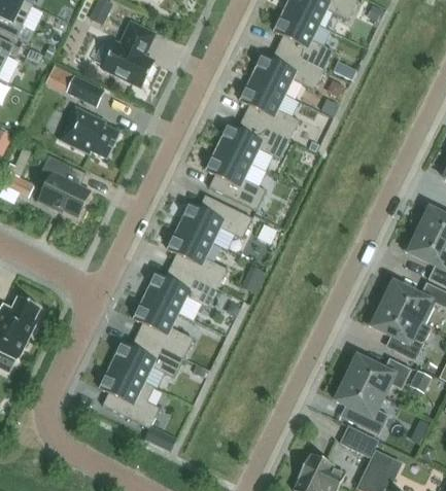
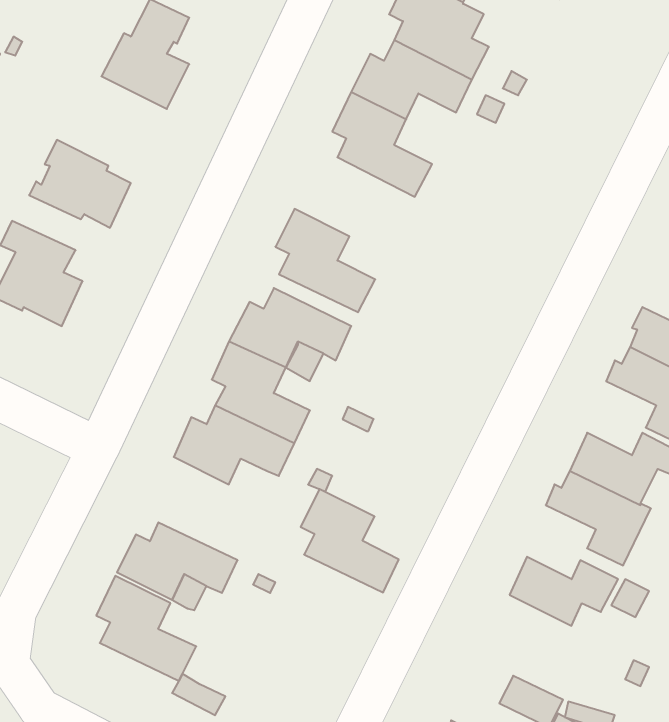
building: [65,74,105,107] -> none
building: [217,116,289,164] -> none
building: [134,295,193,357] -> [301,489,399,592]
building: [335,378,388,434] -> none

